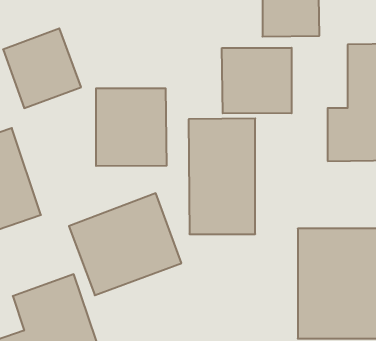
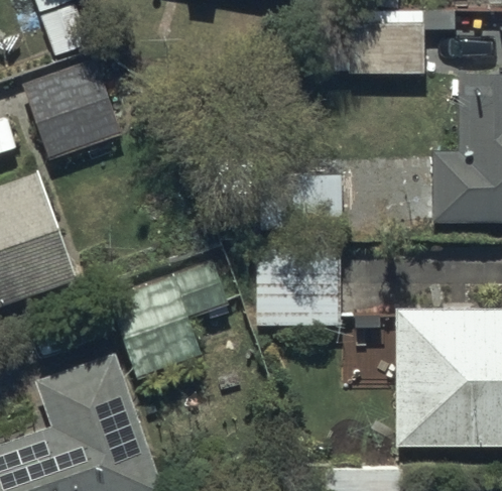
building: [222,48,292,113] -> none
building: [96,88,167,166] -> none

